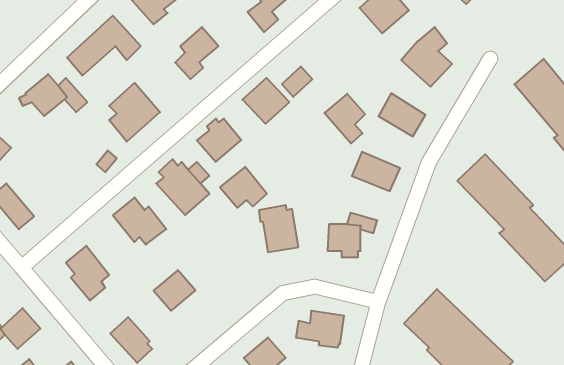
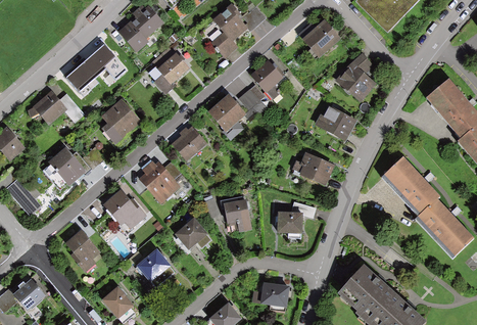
building: [324,94,365,143] -> [251,59,284,99]
building: none -> [43,145,90,190]
building: [220,167,267,208] -> [174,217,211,249]

